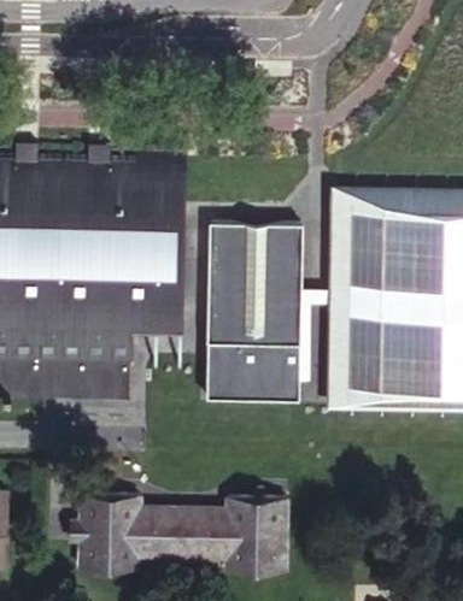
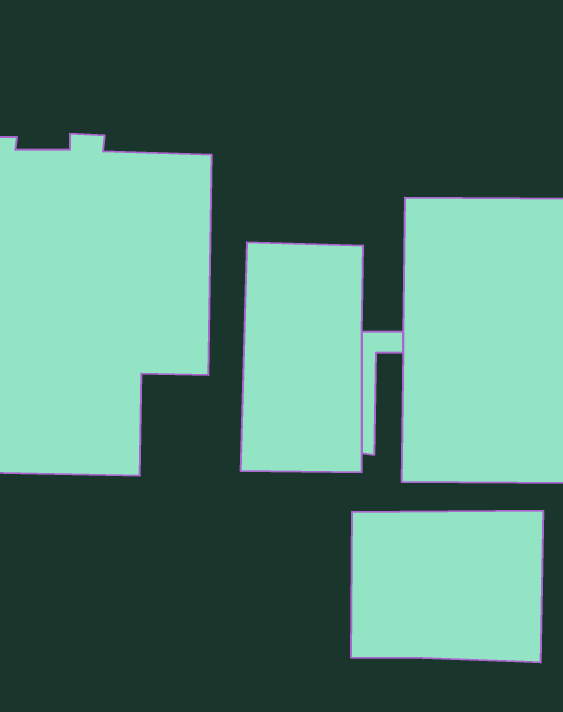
building: none -> [351,511,543,663]
building: [71,494,286,570] -> none

